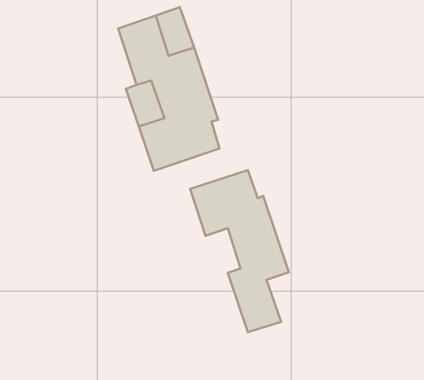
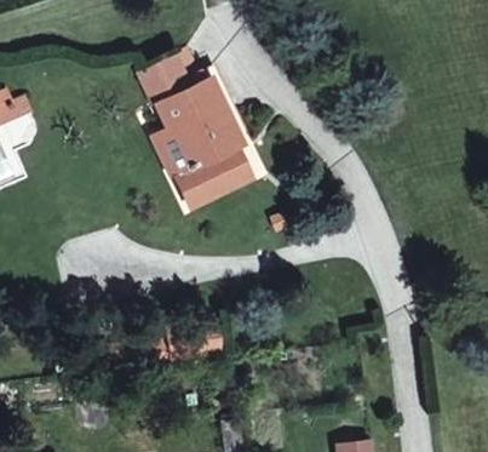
building: [190,170,289,332] -> none

